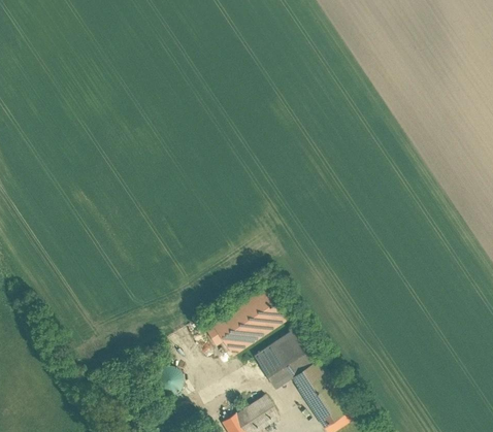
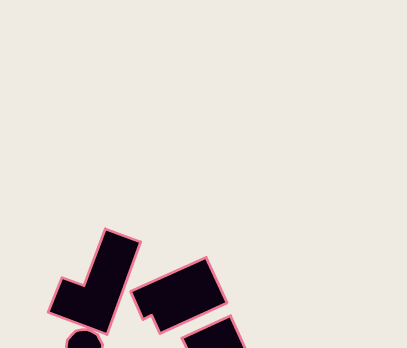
building: none -> [48,229,141,335]

